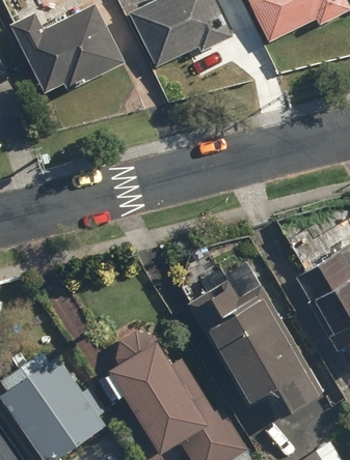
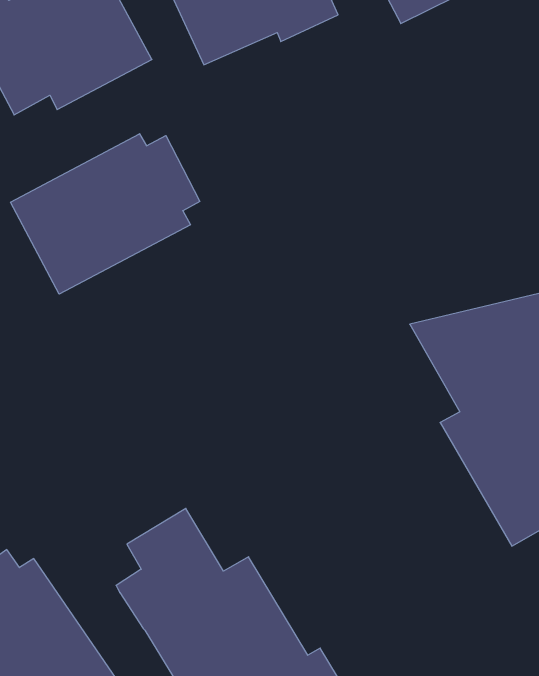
building: none -> [11,134,200,294]
building: [187,286,321,414] -> none

